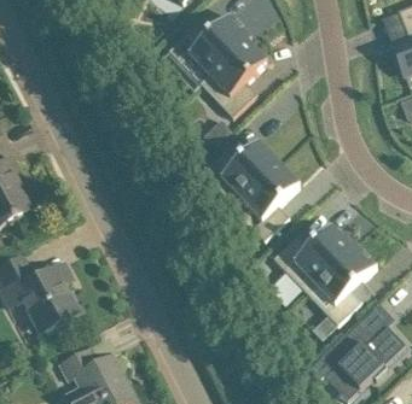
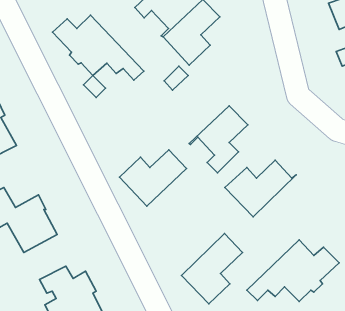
building: none -> [52,15,144,80]
building: [201,141,278,206] -> [119,150,187,206]
building: [306,242,376,323] -> [182,234,242,304]

